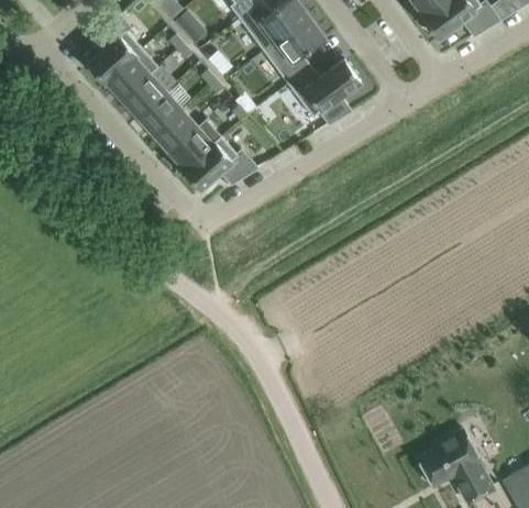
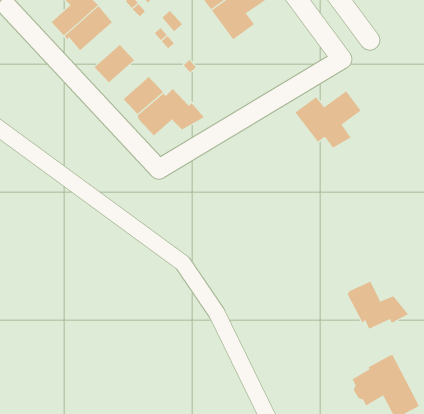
building: [288,59,362,123] -> [294,91,361,149]
building: [120,64,164,113] -> none
building: [152,106,196,148] -> none
building: none -> [347,281,409,330]

